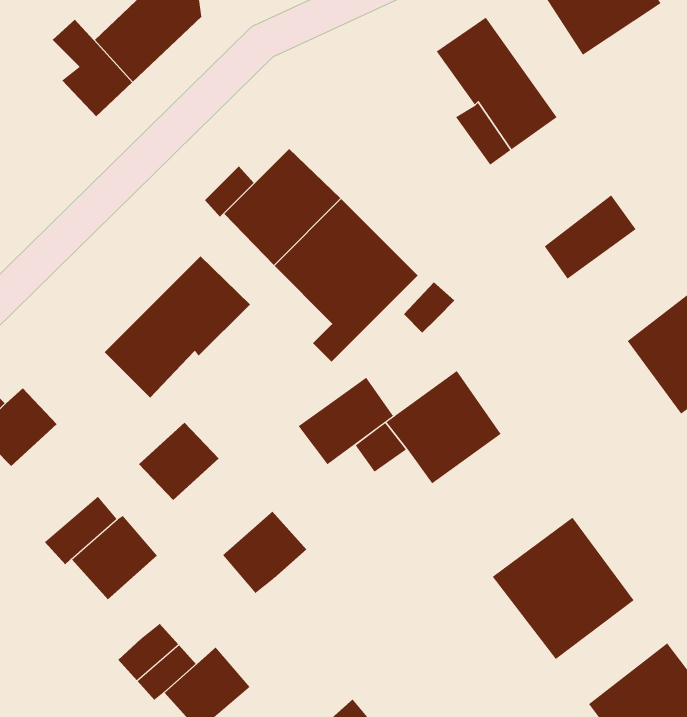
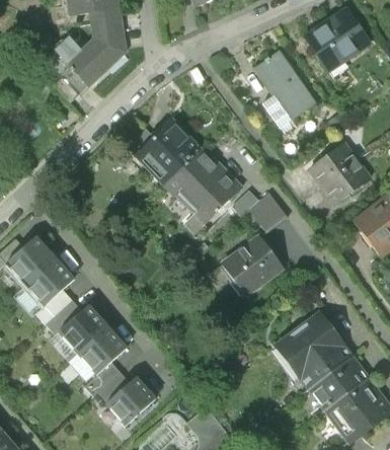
building: none -> [319,161,368,205]
building: [104,255,251,398] -> none
building: none -> [251,192,289,231]
building: [298,377,394,465] -> none
building: [138,422,219,501] -> [27,264,70,305]
building: [222,511,307,594] -> [78,332,123,376]
building: none -> [313,356,372,410]

